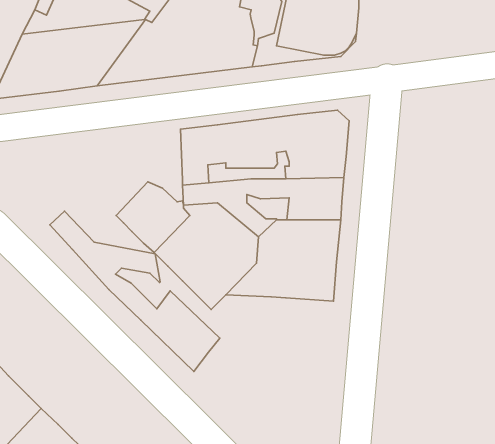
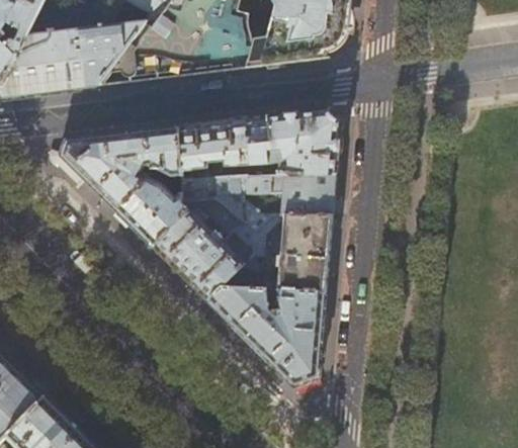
building: none -> [53,125,177,208]
building: [50,211,220,372] -> none
building: none -> [204,284,322,383]

